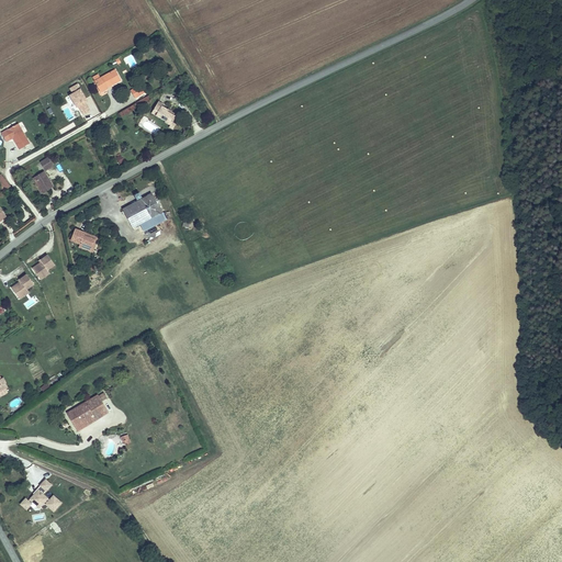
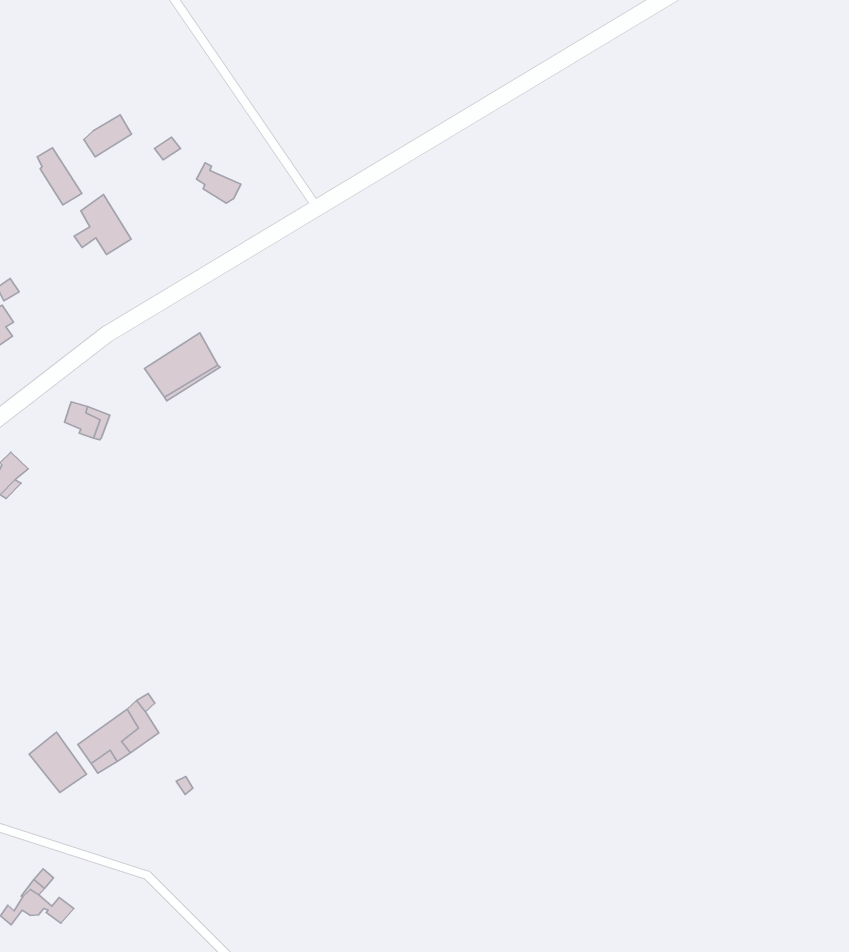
building: none -> [74,195,131,255]
building: none -> [29,732,87,793]

